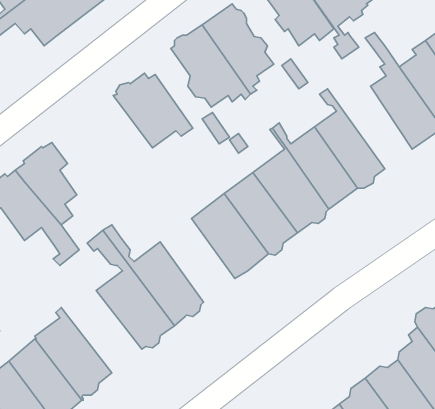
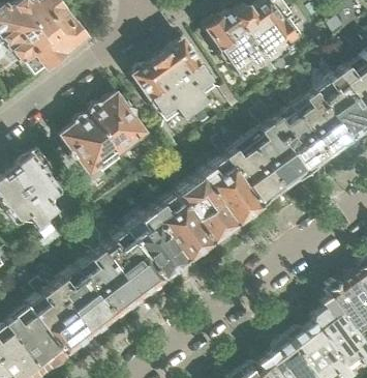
building: none -> [254,91,328,170]
building: none -> [50,112,122,191]
building: none -> [128,209,187,275]
building: none -> [41,263,114,331]

